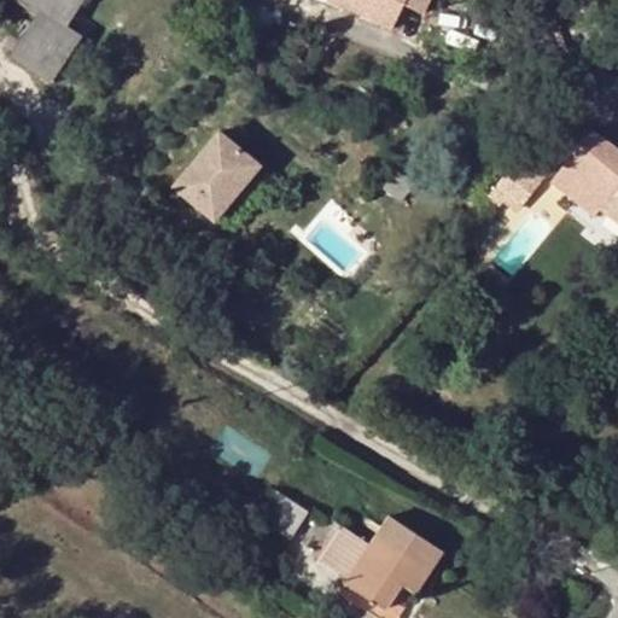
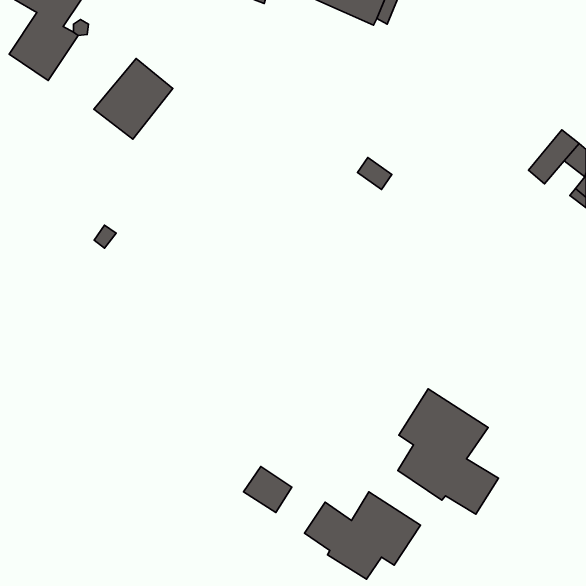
building: [176,134,260,218] -> [94,59,173,139]
building: none -> [398,389,498,514]

